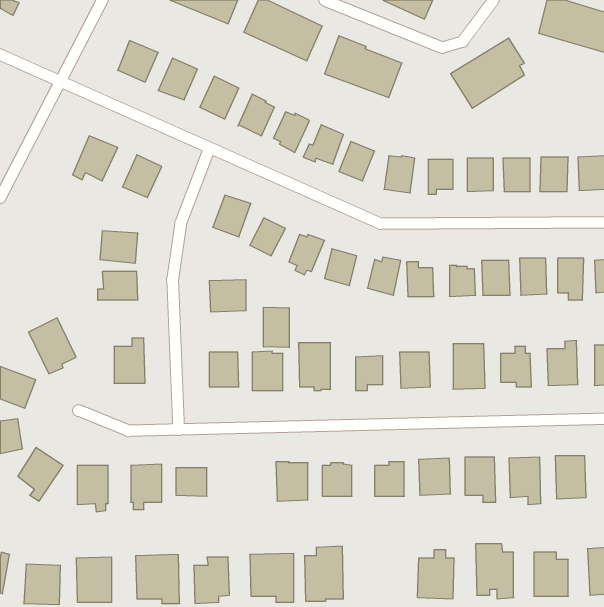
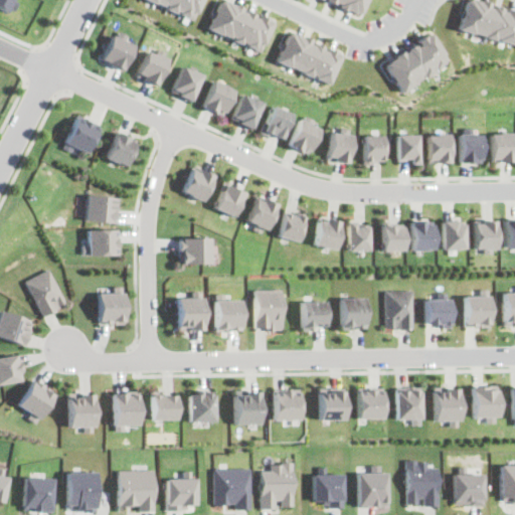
building: [264,307,289,348] -> none
building: none -> [190,391,217,421]
building: none -> [312,474,343,506]

